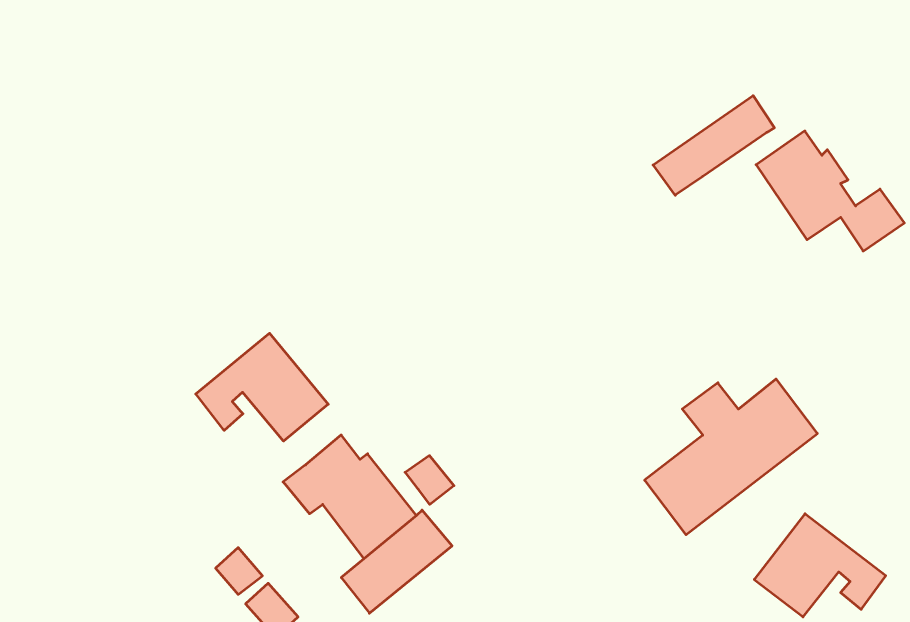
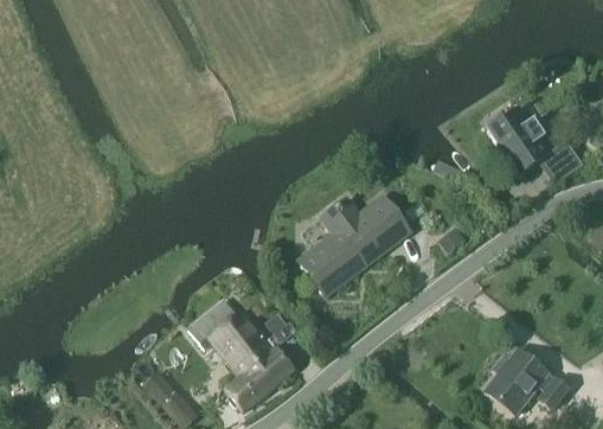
building: [653,96,774,195] -> none
building: [196,333,328,441] -> none
building: [645,379,817,535] -> [299,197,408,295]

